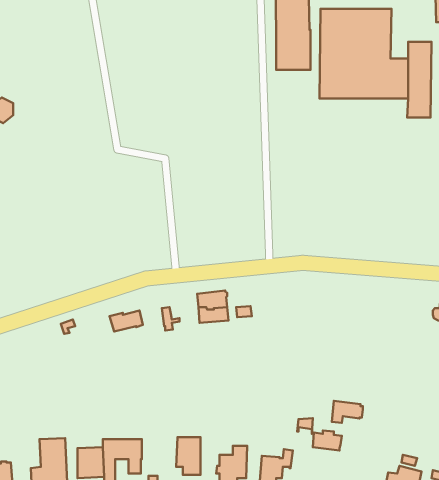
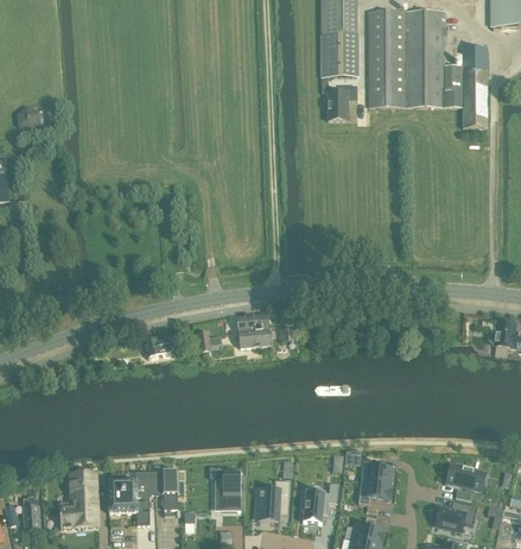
building: none -> [325,84,356,120]
building: [332,401,363,423] -> [357,480,390,504]
building: none -> [445,463,484,490]

